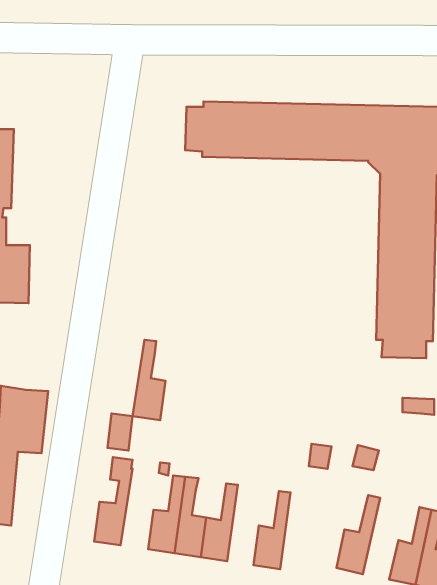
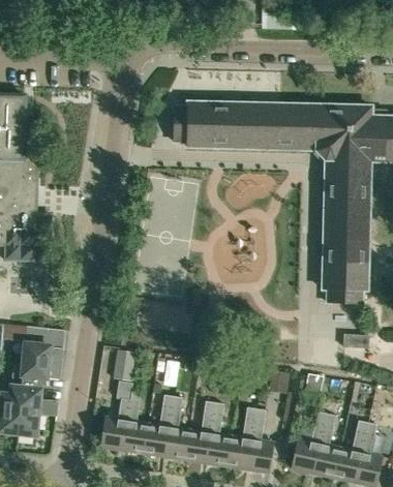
building: [132,340,165,420] -> [122,390,148,453]
building: none -> [206,402,231,465]
building: none -> [247,408,273,471]
building: none -> [312,413,340,477]

